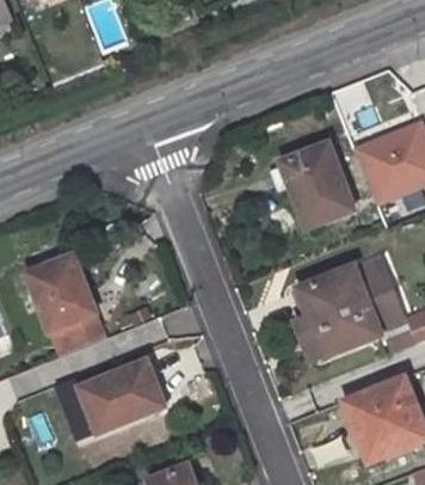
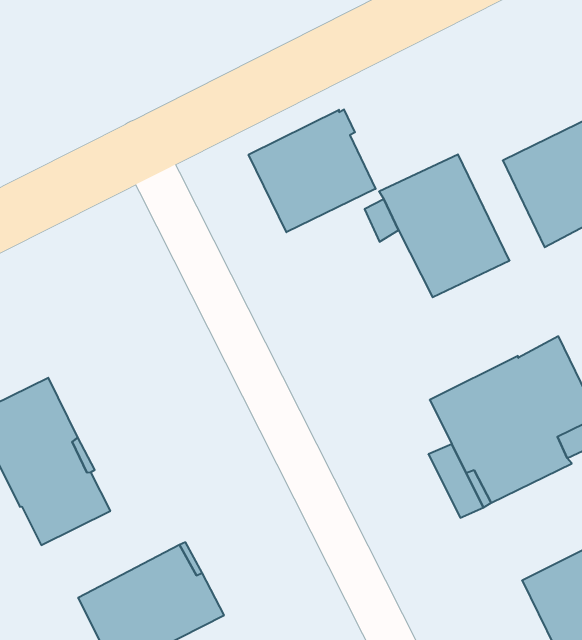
building: none -> [249,109,376,232]

